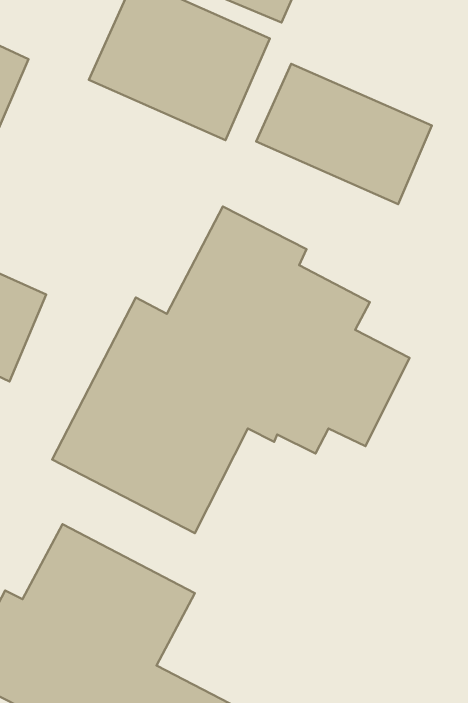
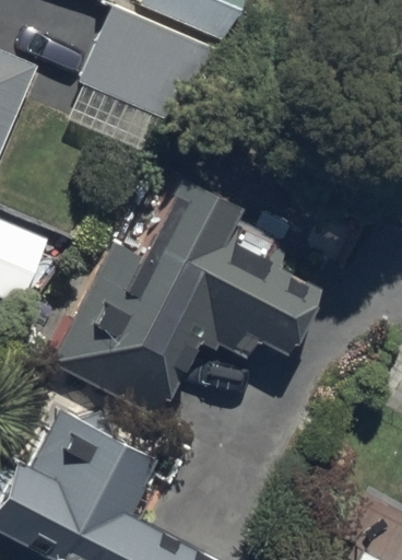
building: [256,64,432,204] -> none

